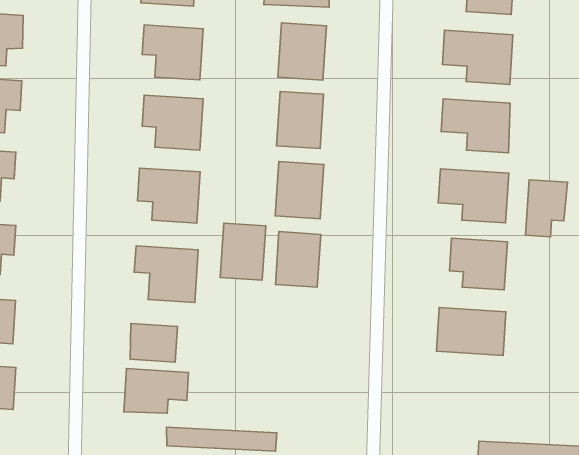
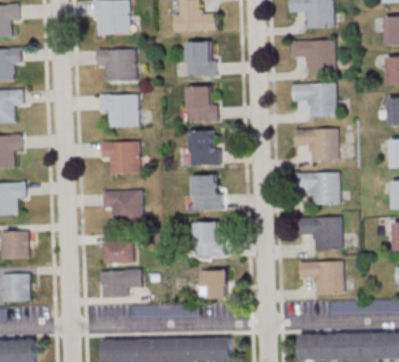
building: [526,180,568,237] -> none
building: [220,223,266,280] -> [195,222,222,257]
building: none -> [299,262,343,294]
building: none -> [200,270,226,299]

